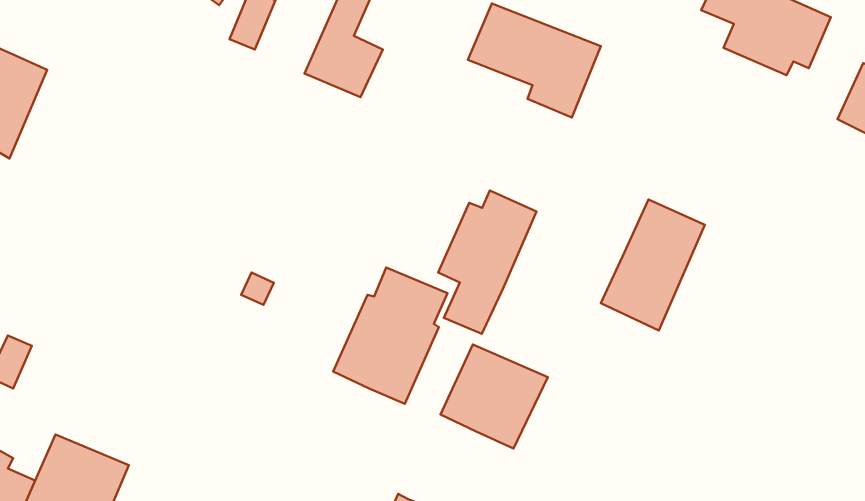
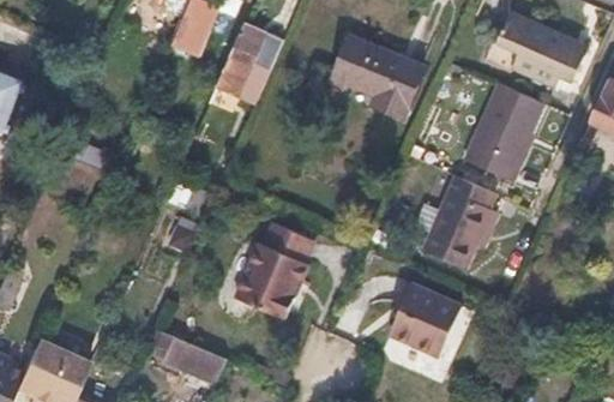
building: none -> [463,82,543,180]
building: [438,191,536,334] -> none
building: [440,345,548,449] -> [390,287,465,360]
building: none -> [157,332,228,383]

